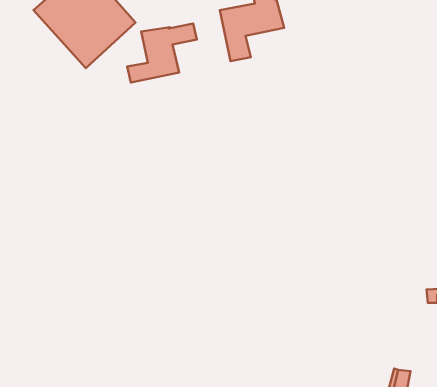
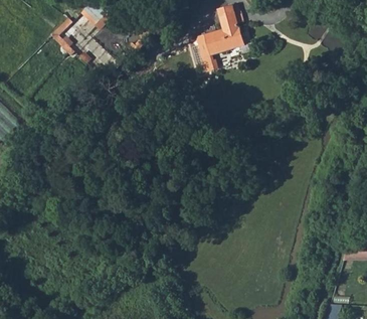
building: [127,23,197,83] -> none

